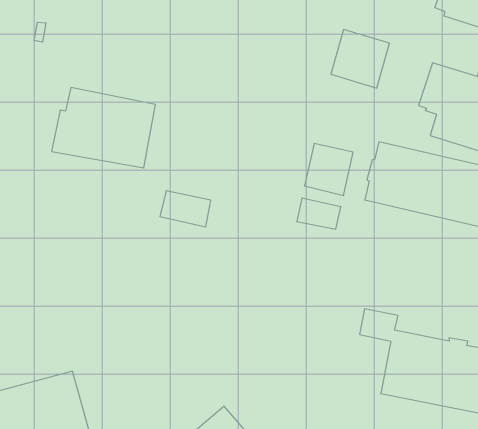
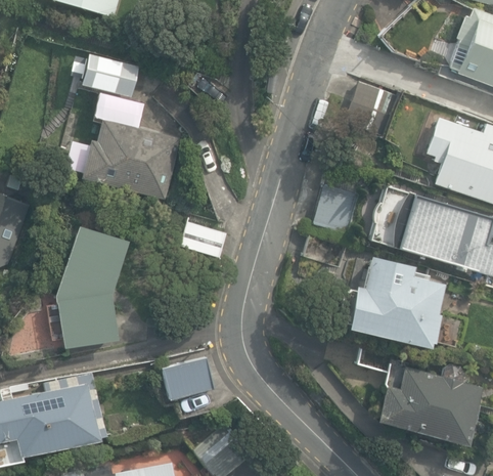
building: none -> [81,54,141,98]
building: none -> [58,227,128,348]
building: none -> [345,257,460,349]
building: none -> [163,357,215,400]

